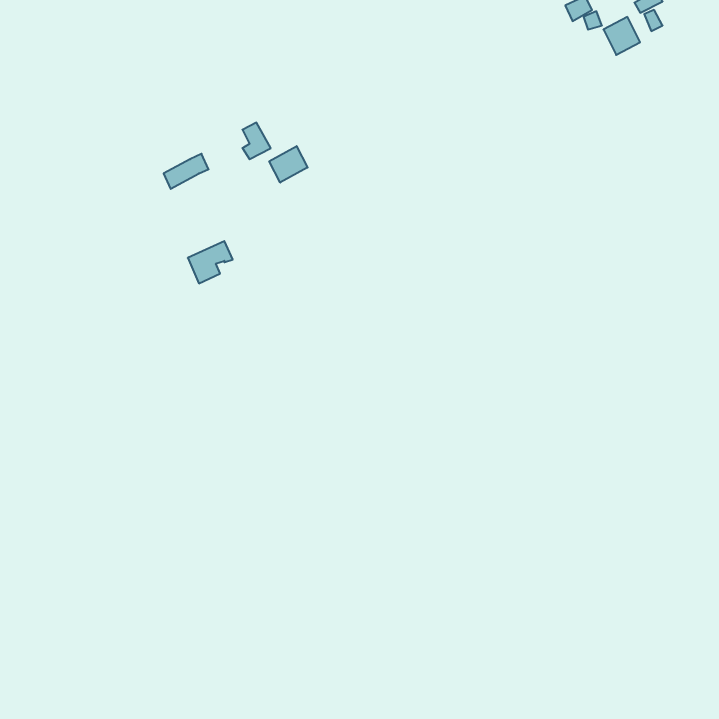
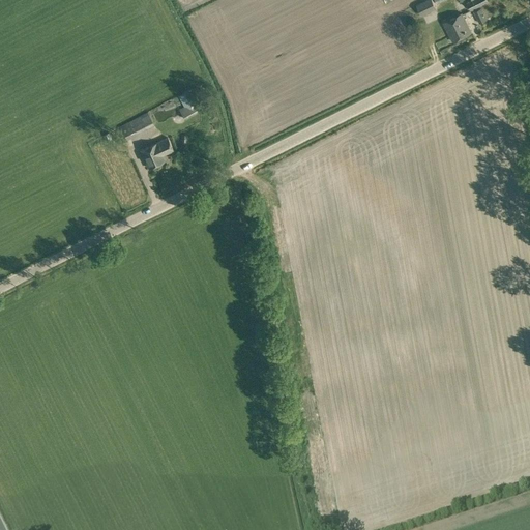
building: [269,146,308,183] -> none
building: [188,241,233,283] -> [140,137,173,168]

